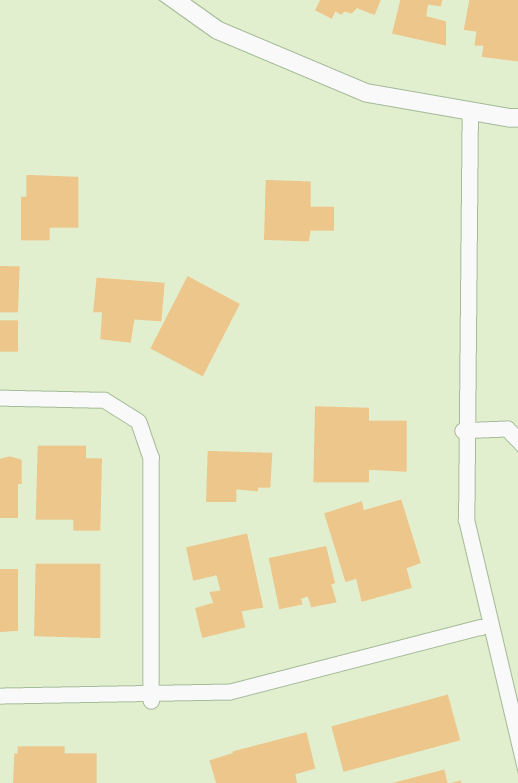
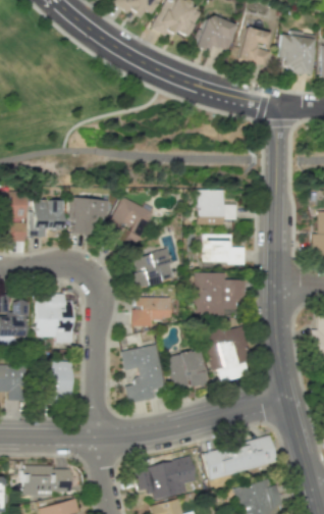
building: [20,175,79,241] -> [29,199,62,237]
building: [263,179,335,242] -> [196,190,236,225]
building: none -> [202,234,245,265]
building: none -> [123,248,176,293]

